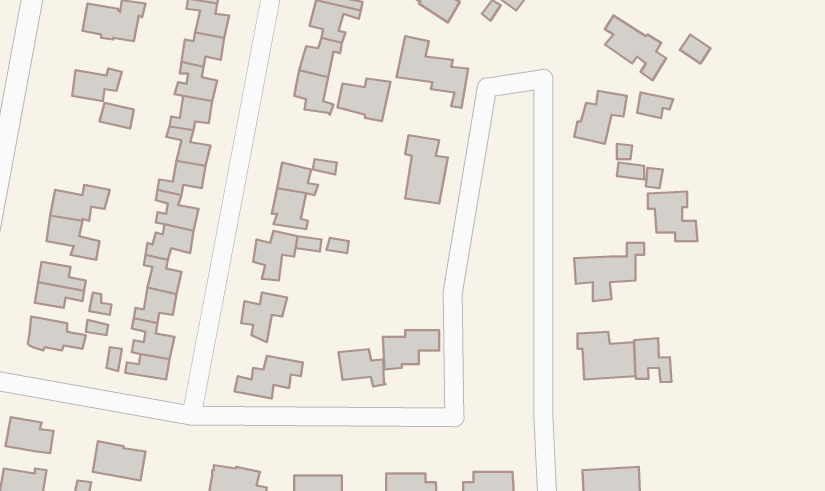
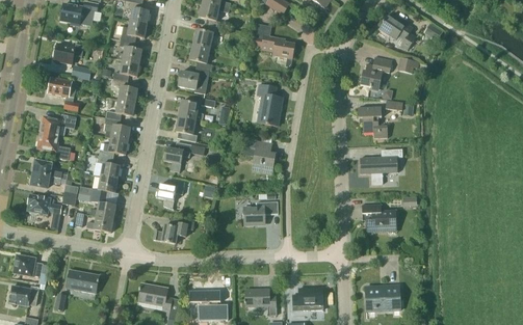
building: [337,78,390,121] -> [178,67,210,93]
building: none -> [48,77,79,111]
building: [648,192,697,241] -> [358,107,388,137]
building: none -> [239,135,276,172]
building: [634,338,672,382] -> none
building: [338,349,386,387] -> none

